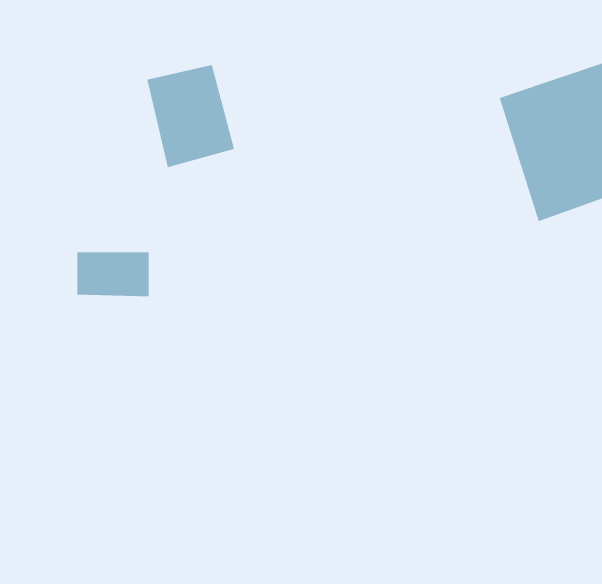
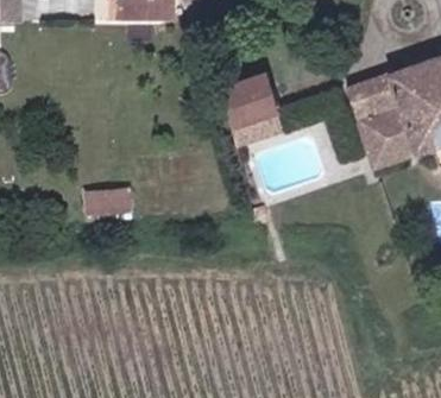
building: [147,65,235,168] -> [225,74,281,139]

